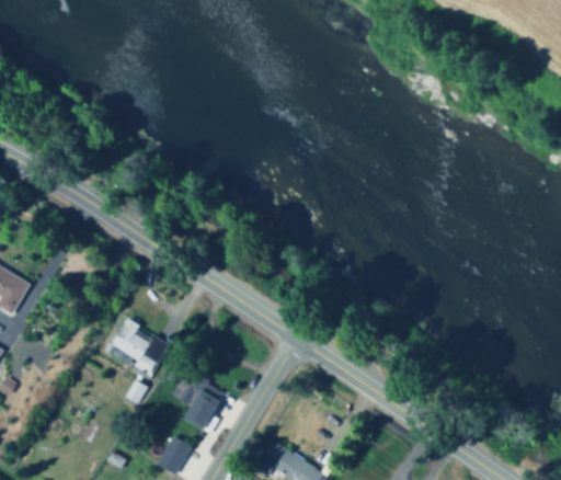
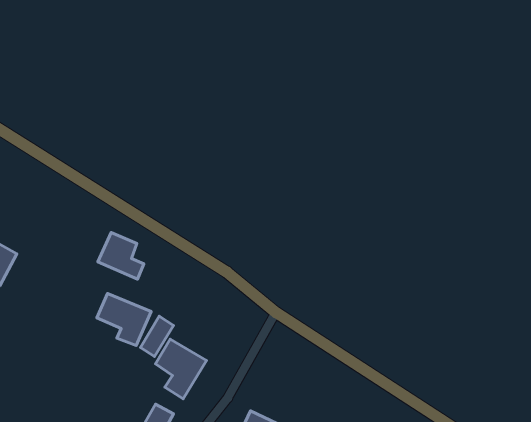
building: none -> [98,232,144,279]
building: none -> [141,316,173,356]

